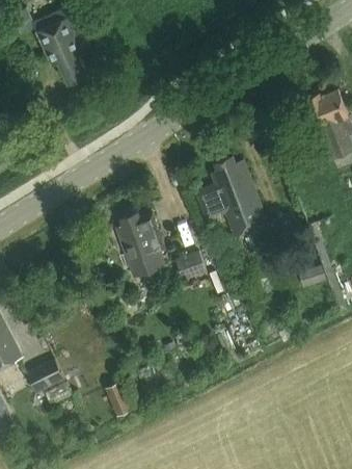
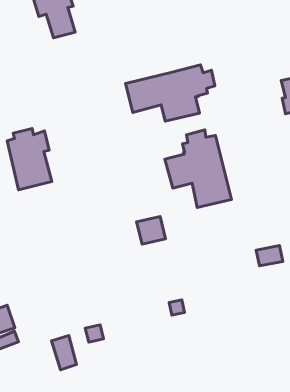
building: none -> [125,65,215,121]
building: [115,213,165,277] -> [7,128,52,190]

